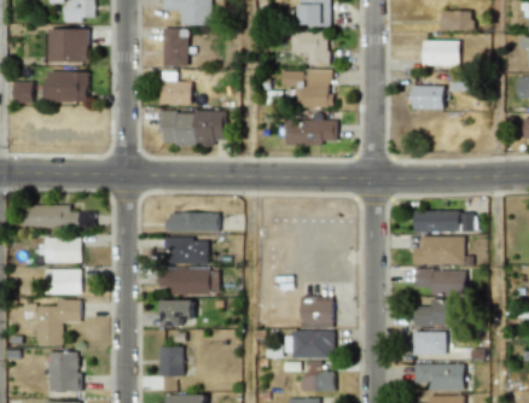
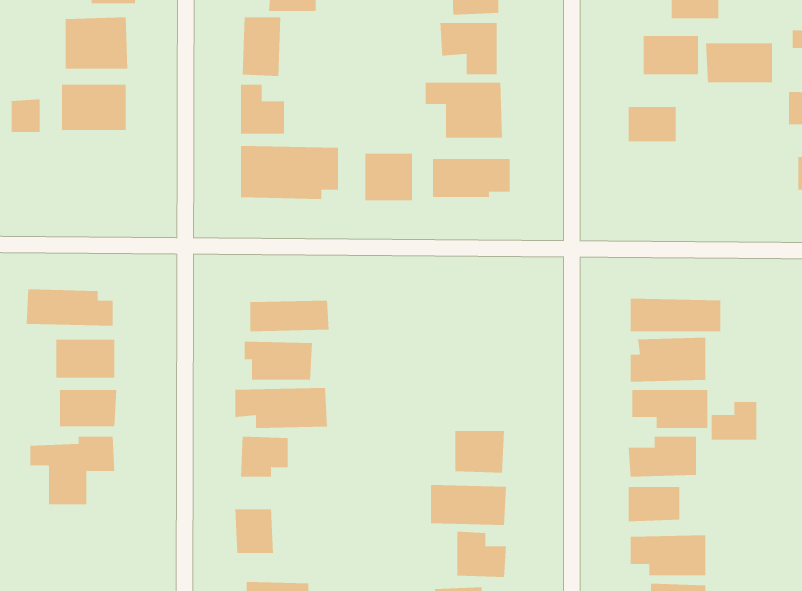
building: none -> [705,43,773,83]
building: none -> [365,153,412,201]
building: none -> [711,401,757,440]
building: [48,351,80,391] -> none

